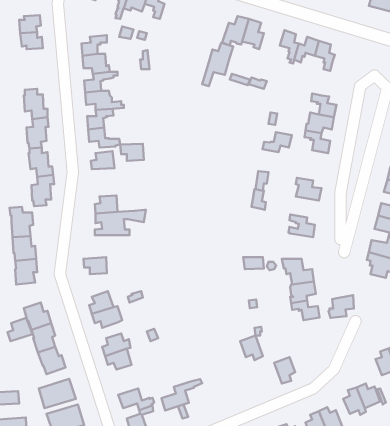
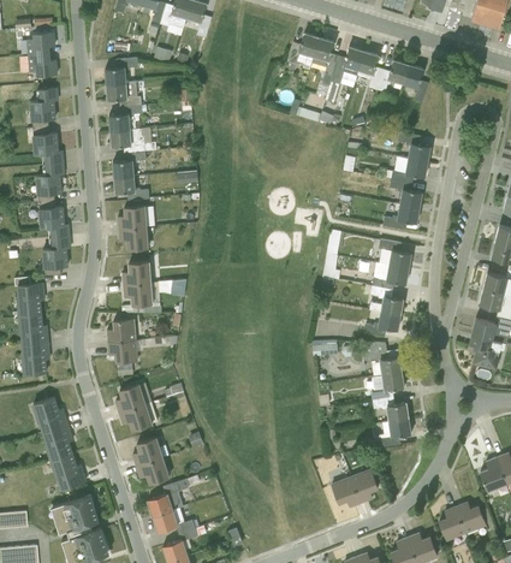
building: [202,43,233,86] -> [325,47,364,102]
building: none -> [30,89,58,128]
building: [262,132,292,152] -> [382,205,420,230]
building: [120,144,144,161] -> [119,227,149,249]
building: none -> [372,263,408,290]
building: none -> [363,310,400,337]
building: none -> [107,320,137,343]
building: [328,295,354,318] -> [378,417,410,446]
building: [7,318,32,341] -> none
building: [240,335,263,360] -> [332,475,361,506]
building: [162,379,202,410] -> [148,476,200,516]

